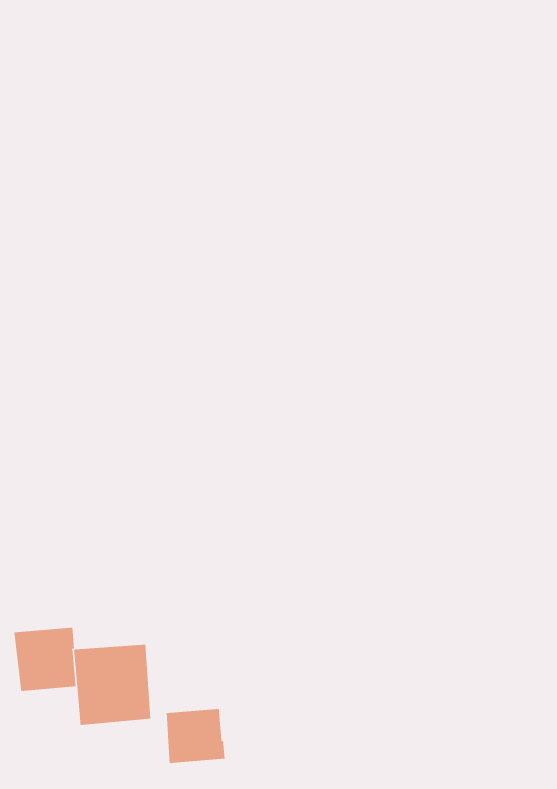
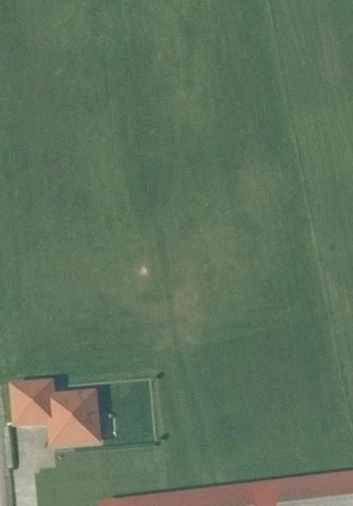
building: [166,708,225,764] -> none

